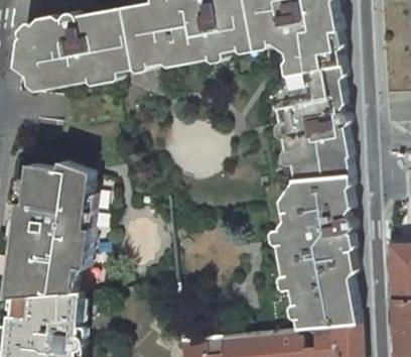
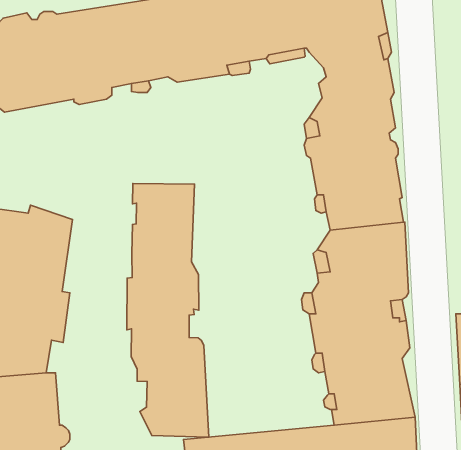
building: none -> [127,183,209,437]

